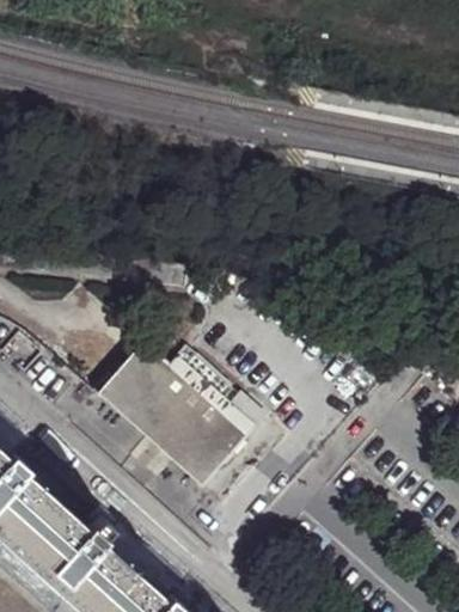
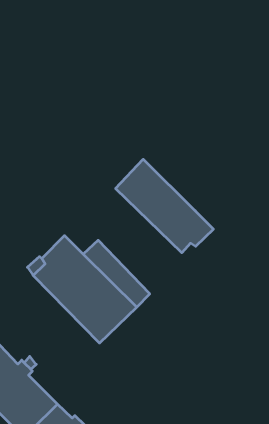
building: none -> [116,159,213,253]

